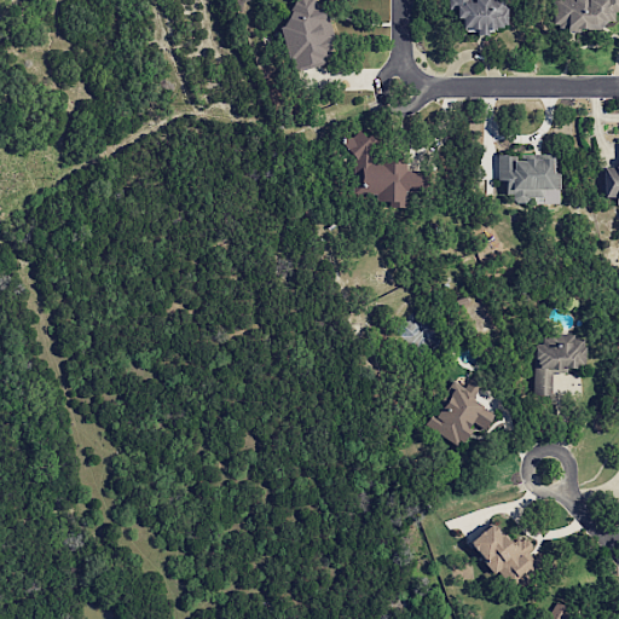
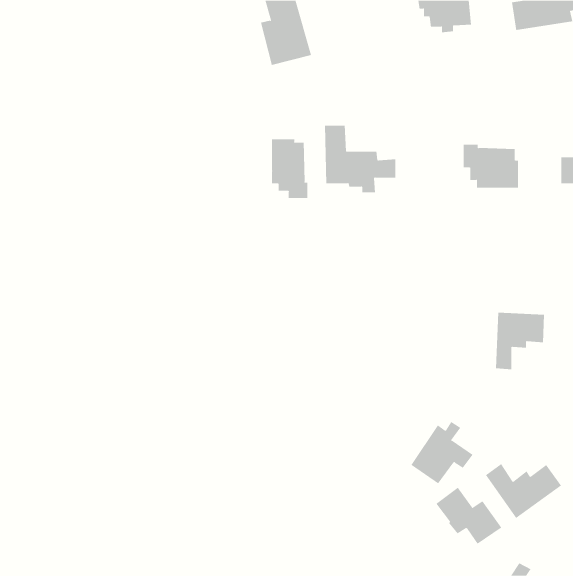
building: none -> [272,138,308,199]
building: [428,378,496,446] -> [410,421,473,484]
building: none -> [485,463,562,519]

